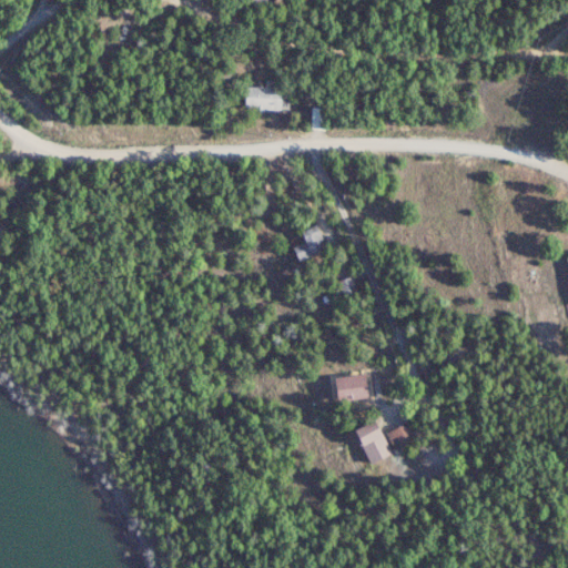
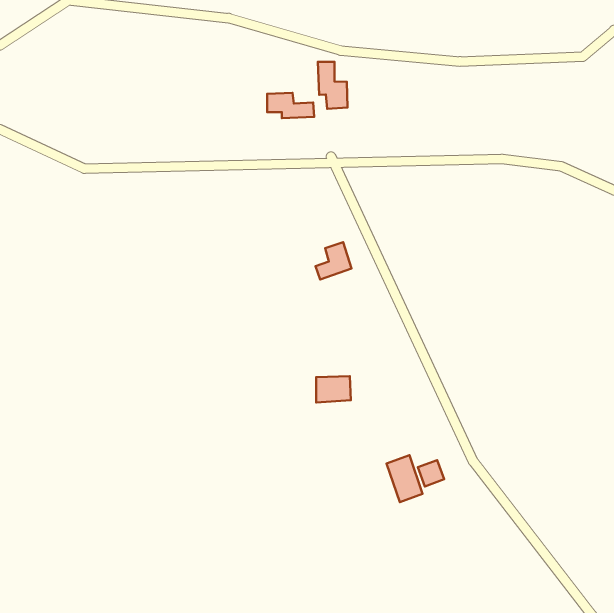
building: none -> [318,62,348,109]
building: [337,376,369,400] -> [316,376,351,403]

